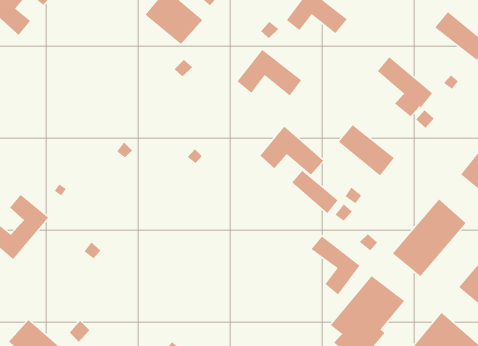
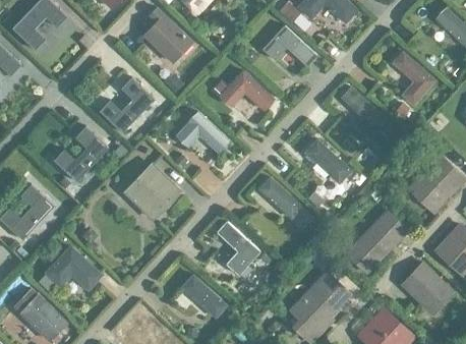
building: none -> [100,75,156,132]
building: none -> [54,124,110,181]
building: [259,125,324,175] -> [175,113,230,157]
building: none -> [123,166,181,223]
building: [311,235,360,296] -> [216,223,257,275]
building: none -> [37,248,103,294]
building: none -> [184,275,230,318]

